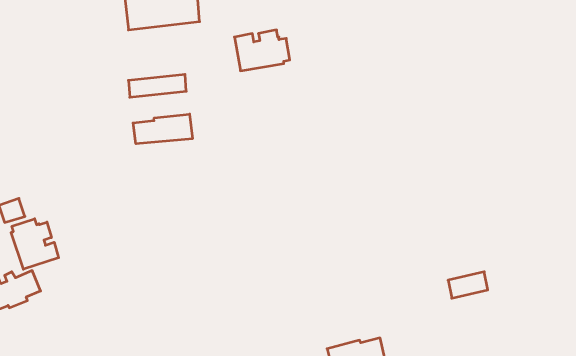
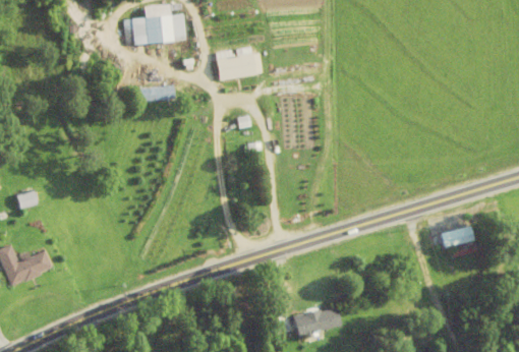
building: [133,114,192,144] -> none
building: [11,219,59,269] -> none
building: [448,272,488,298] -> [440,226,473,248]

